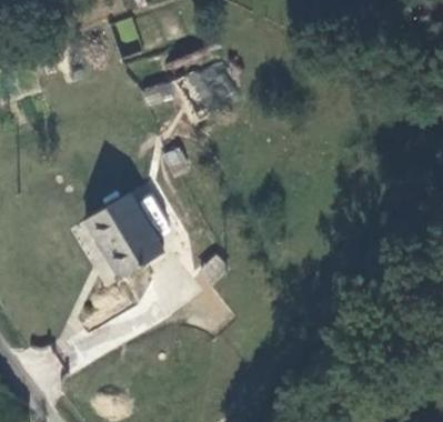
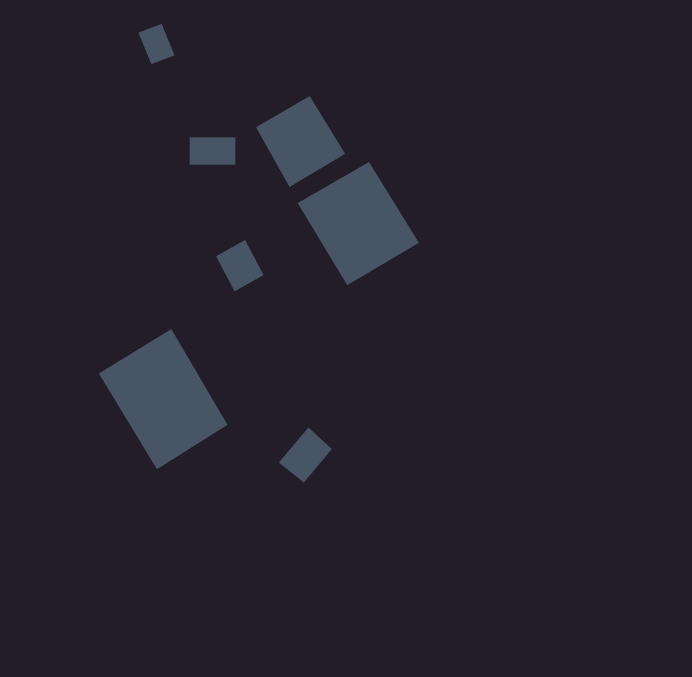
building: none -> [297,161,420,286]

